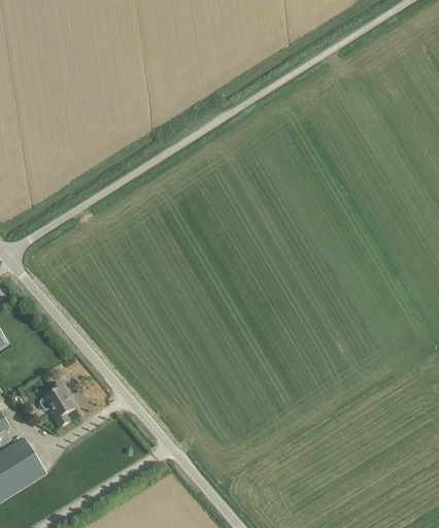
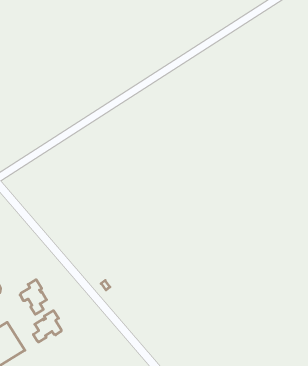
building: none -> [33,311,61,342]

